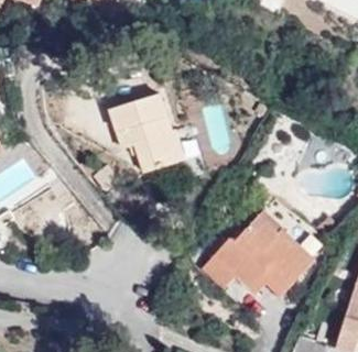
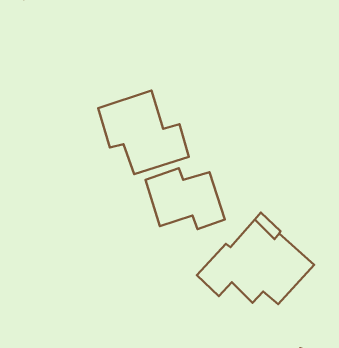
building: none -> [145,168,225,229]

